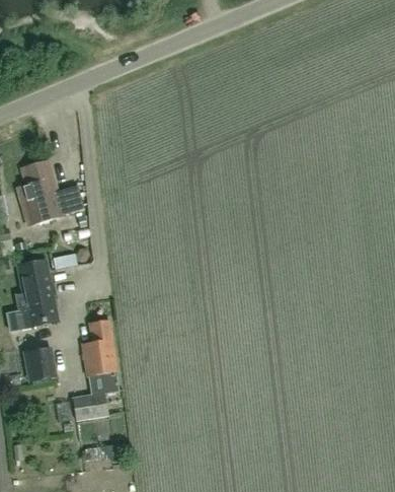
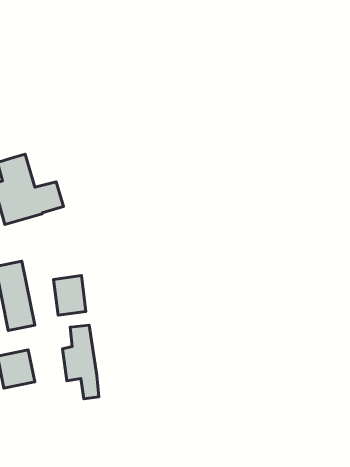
building: none -> [53,276,86,315]
building: [73,392,107,420] -> none

